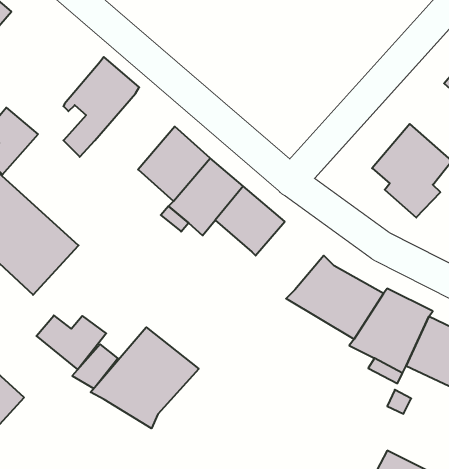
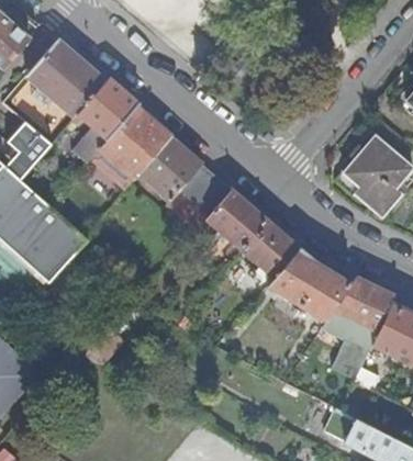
building: none -> [26,40,105,117]
building: none -> [101,109,170,178]
building: none -> [241,220,300,279]
building: [36,315,106,370] -> none
building: [91,327,199,428] -> none

